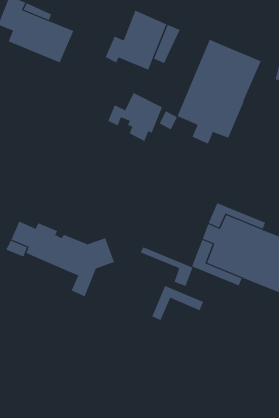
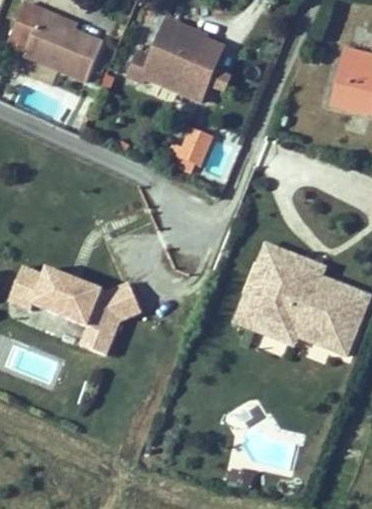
building: [177,39,261,145] -> none
building: [140,246,193,287] -> none
building: [151,285,204,321] -> none

